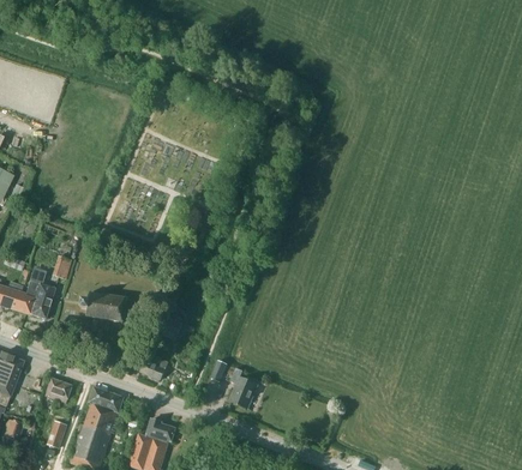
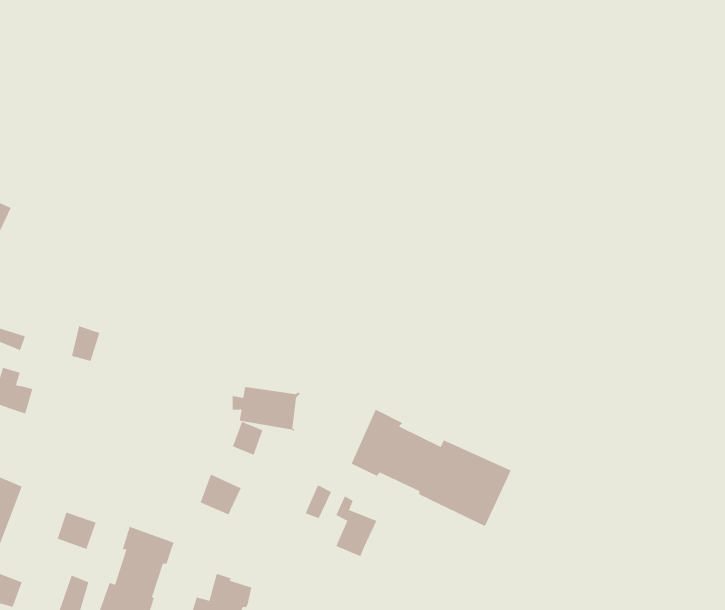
building: [25,273,54,319] -> none
building: [82,293,127,323] -> [232,387,300,432]
building: none -> [351,409,511,527]

